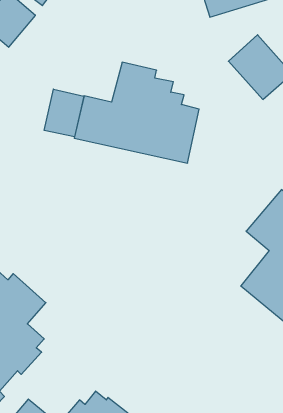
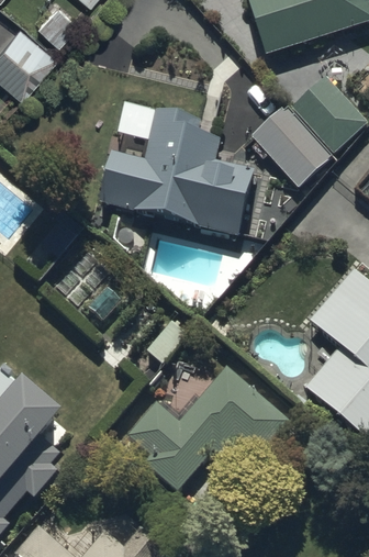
building: none -> [251,103,332,186]
building: [44,89,84,137] -> none
building: none -> [126,366,288,490]

